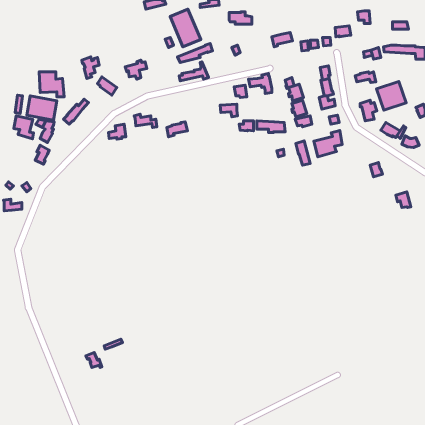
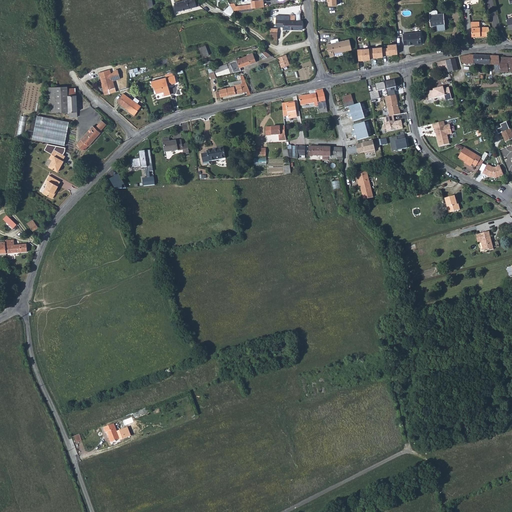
building: [170,9,201,47] -> none
building: [377,81,406,110] -> none
building: [14,116,34,139] -> none
building: [314,130,342,157] -> none

